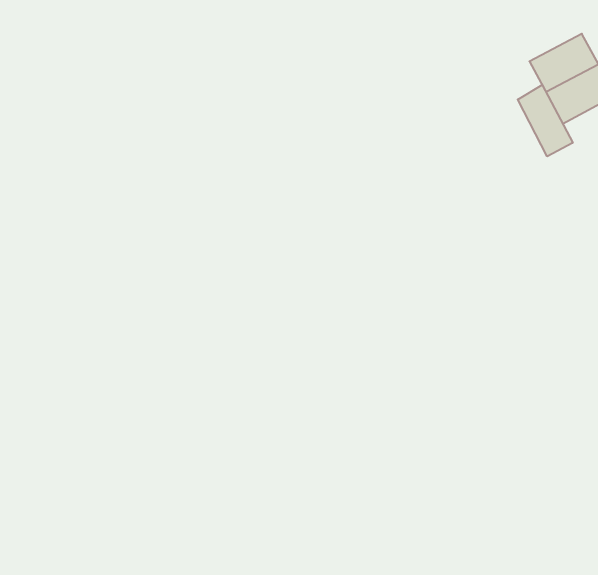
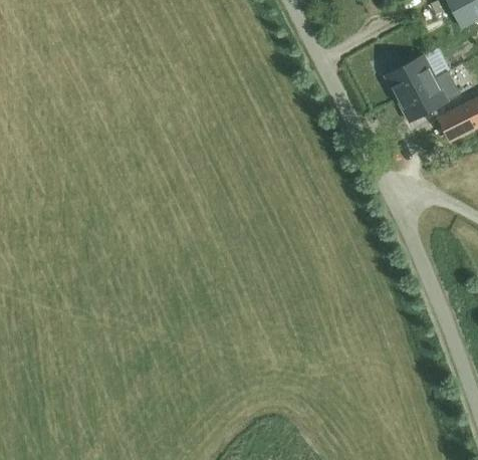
building: [518,85,573,156] -> none

